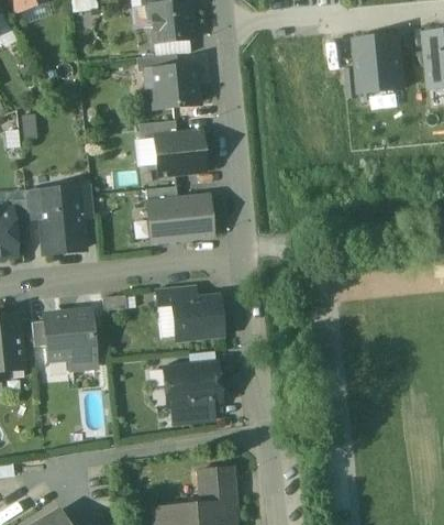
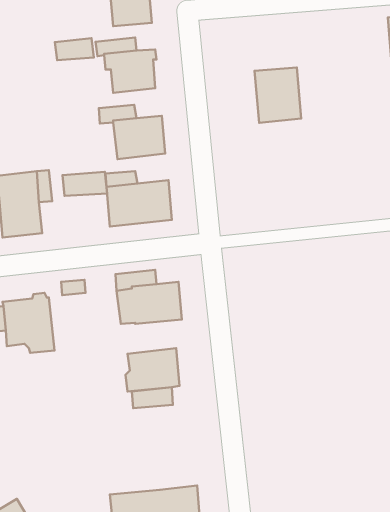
building: [356,36,402,91] -> [255,67,301,123]
building: none -> [55,38,94,60]
building: none -> [63,172,107,196]
building: [196,466,236,503] -> none

